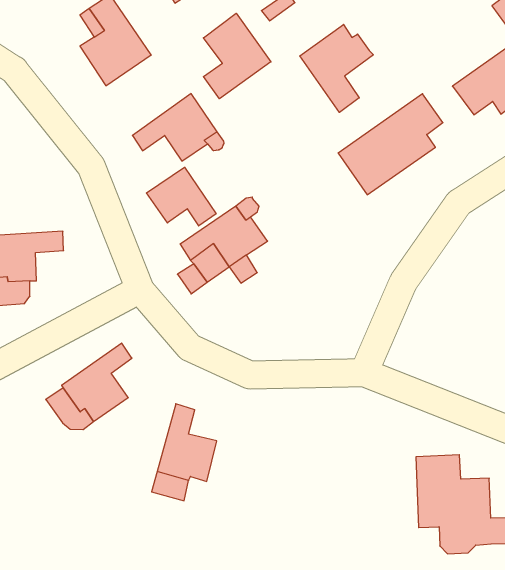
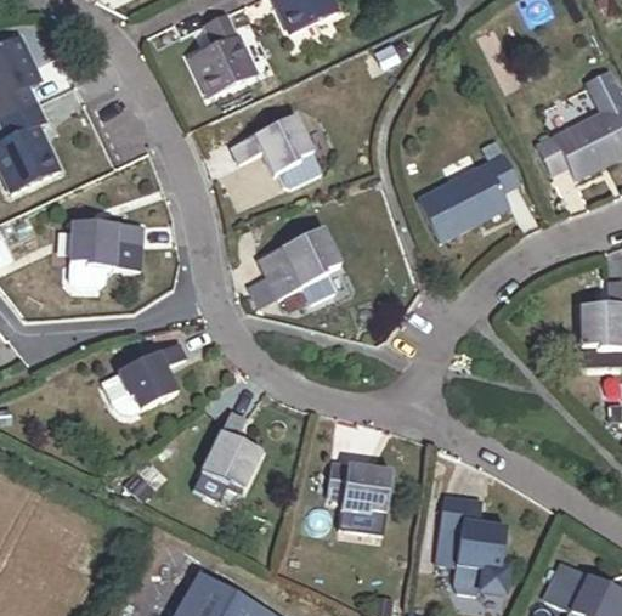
building: [203,13,271,99] -> none
building: [300,24,373,112] -> none
building: [146,167,216,226] -> none
building: none -> [321,463,388,515]

